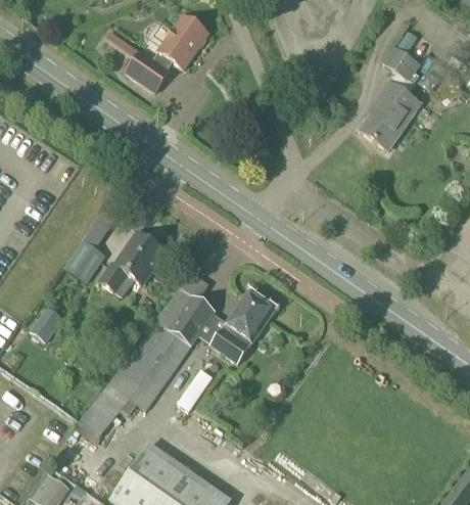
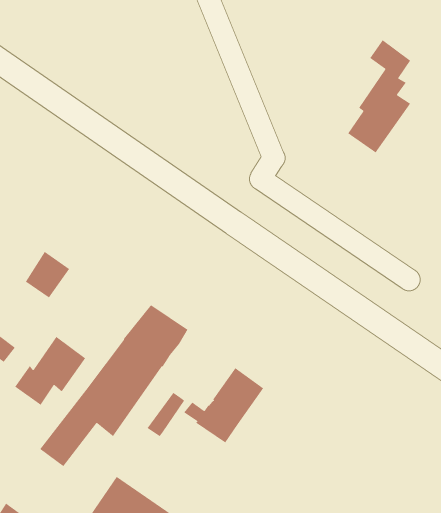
building: [105,14,208,91] -> none
building: [98,232,165,296] -> [14,336,86,406]
building: [199,292,274,363] -> [183,367,264,444]

